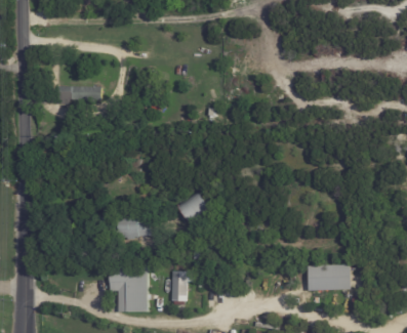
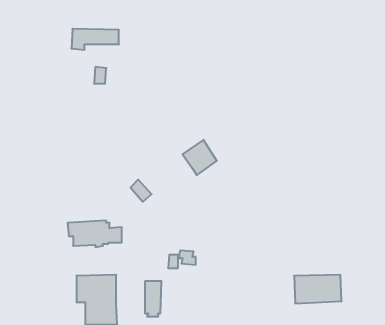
building: [58,85,103,105] -> [71,29,119,50]
building: [175,191,207,223] -> [183,140,217,175]

